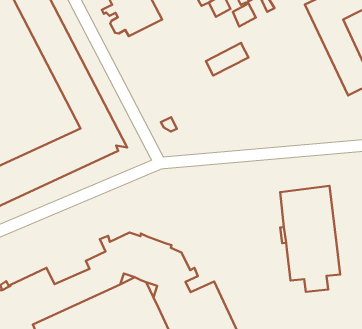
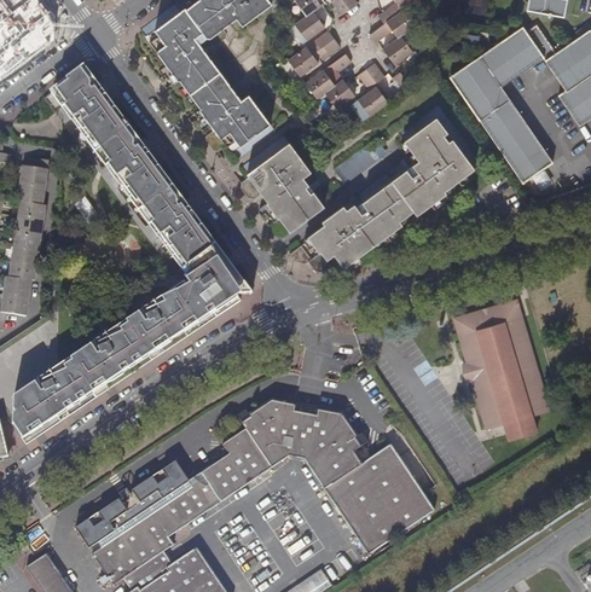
building: none -> [306,117,475,266]
building: none -> [241,141,325,230]

